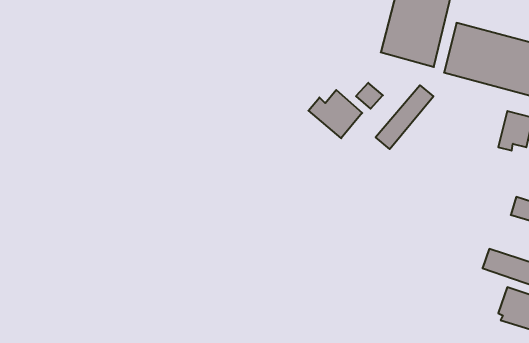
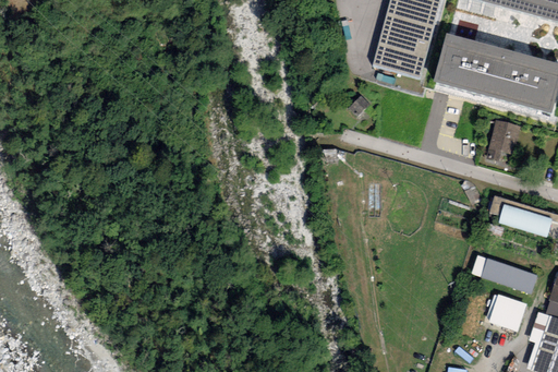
building: [376,85,433,149] -> none
building: [308,90,362,138] -> none

